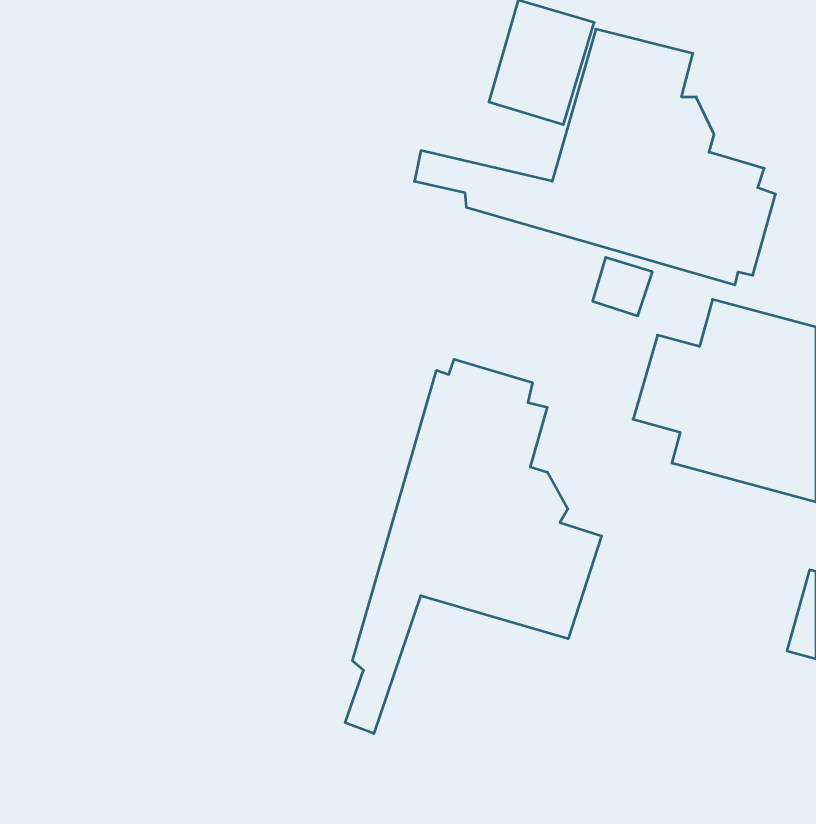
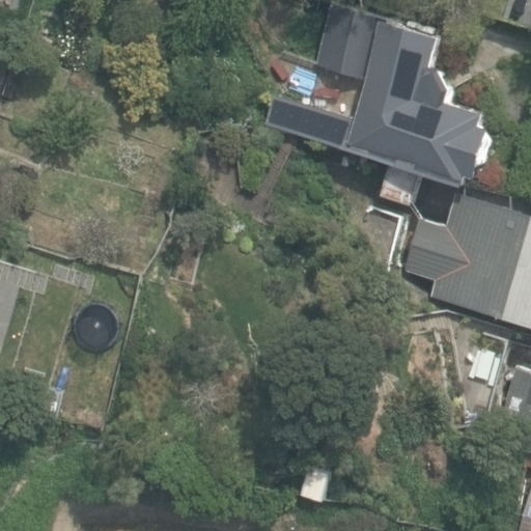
building: [345,359,602,734] -> none

